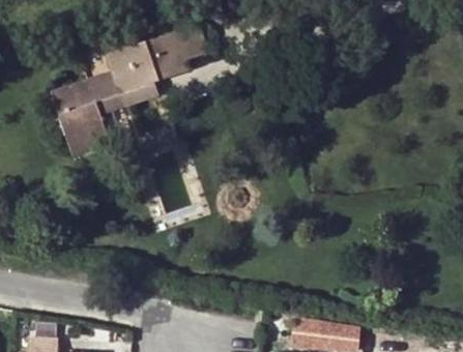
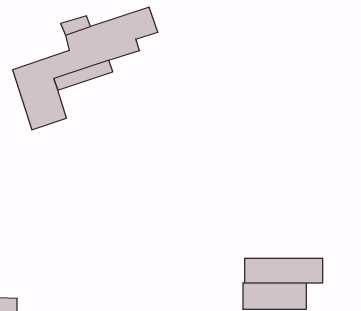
building: none -> [245,258,323,283]

